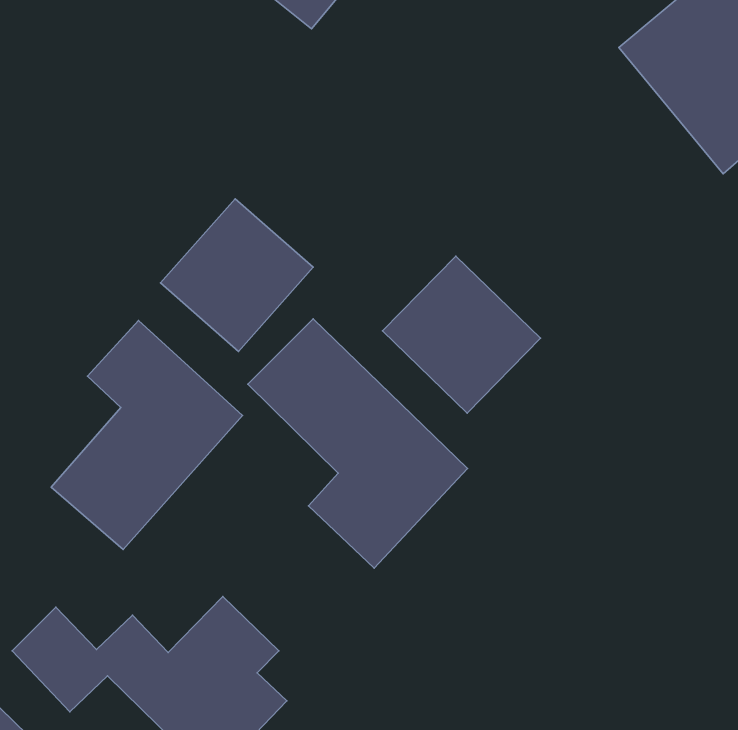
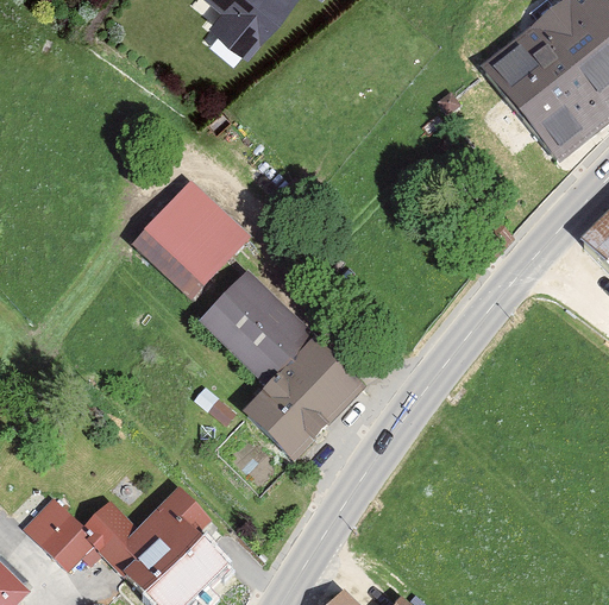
building: [382,256,540,413] -> none
building: [51,320,242,550] -> none

